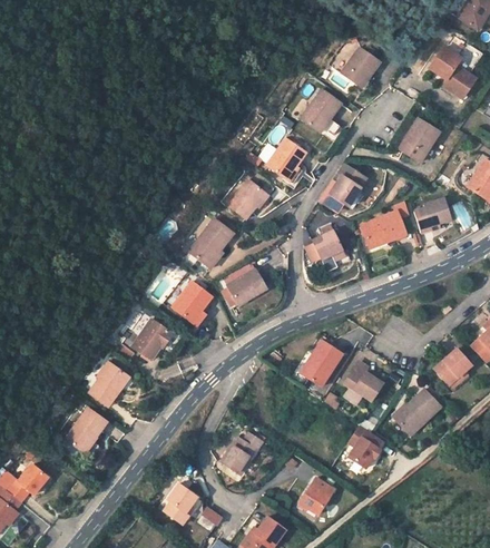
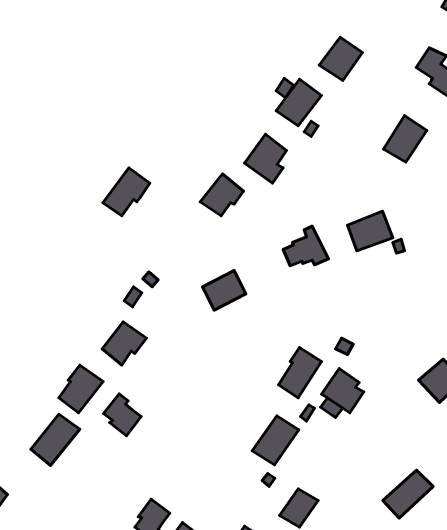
building: [332,165,369,203] -> none
building: [414,197,454,234] -> none
building: [188,214,233,260] -> [103,168,150,216]
building: [172,278,214,323] -> none
building: none -> [103,394,141,436]
building: [394,391,442,437] -> [383,470,433,518]
building: [345,428,381,471] -> none
building: [216,430,261,477] -> [252,416,299,465]

